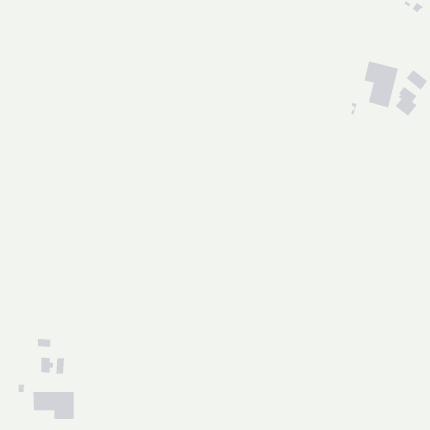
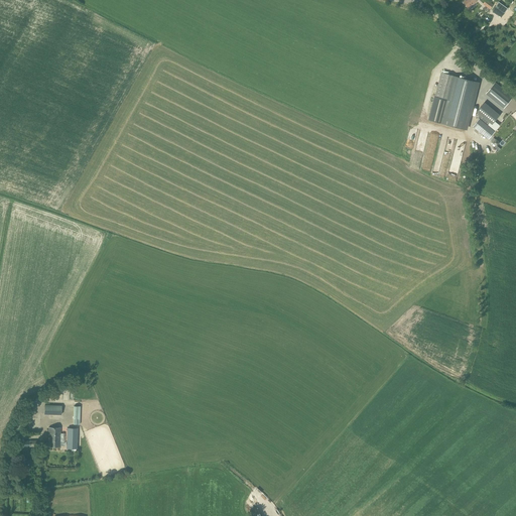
building: [32,391,75,420] -> none

